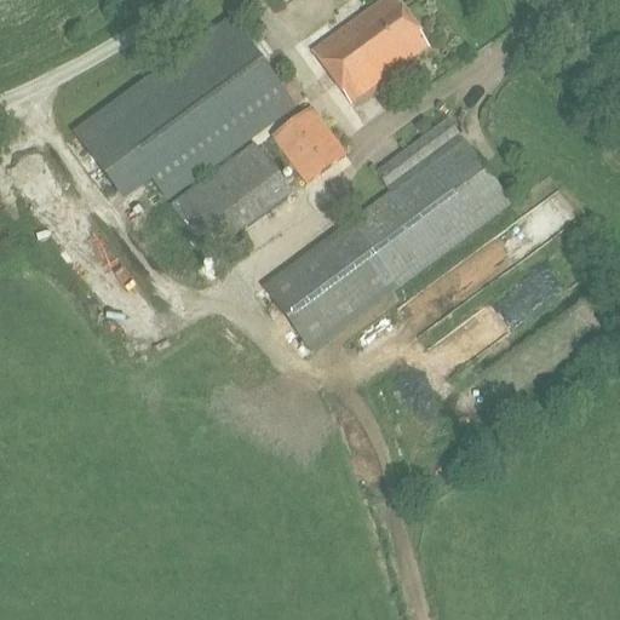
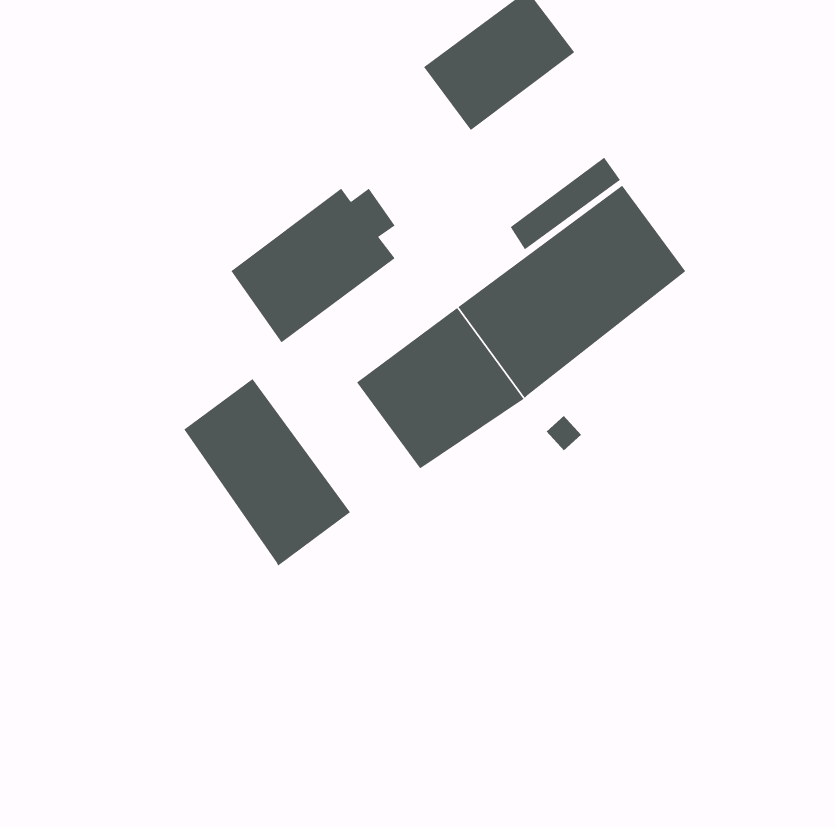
building: [75,18,292,196] -> none
building: [274,105,346,179] -> none
building: none -> [183,378,351,567]

